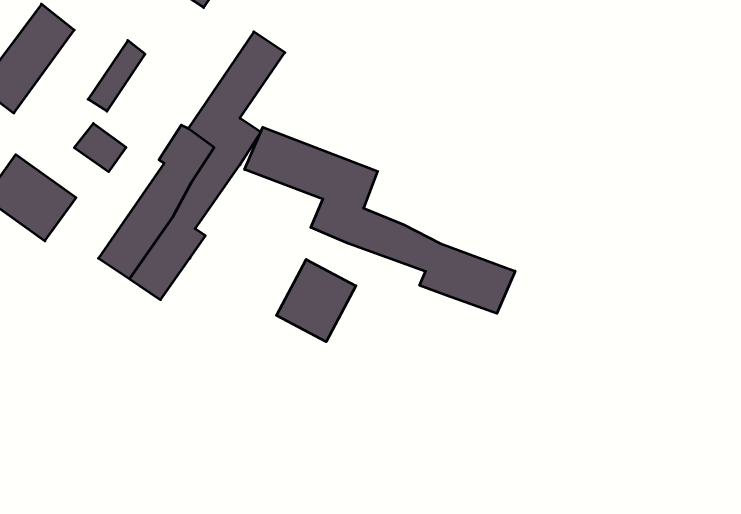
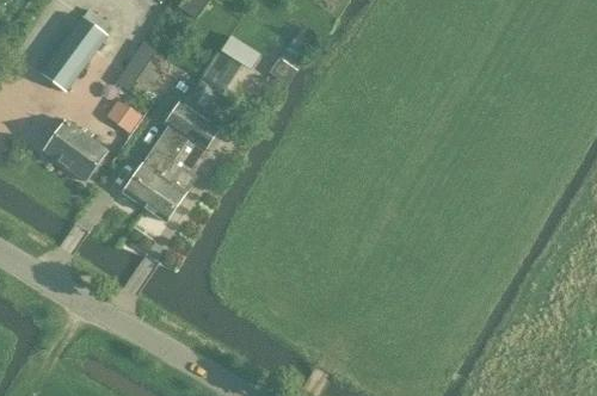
building: [245,127,515,313] -> none
building: [276,259,356,342] -> none

